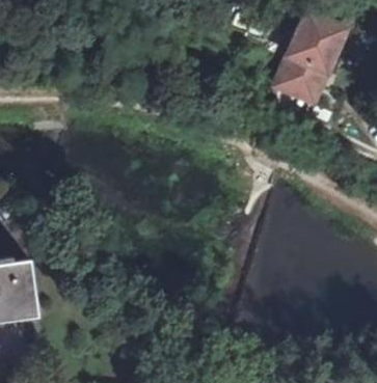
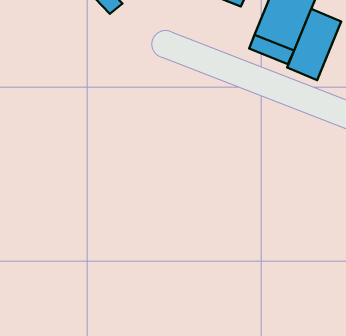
building: none -> [287,9,341,80]

